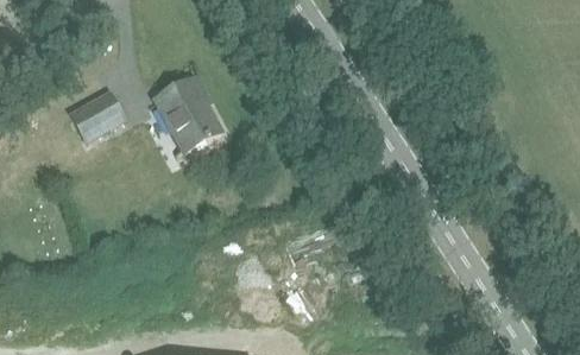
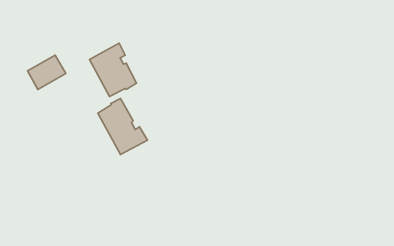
building: none -> [98,99,147,154]

